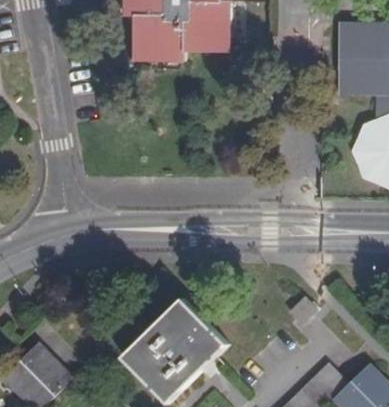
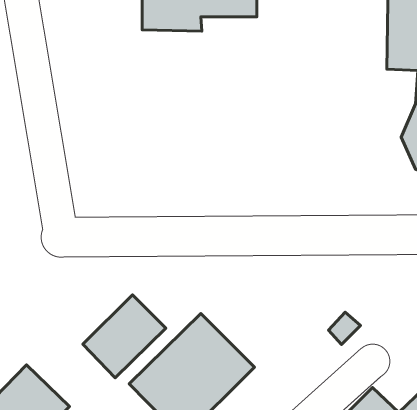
building: none -> [83,295,166,378]

